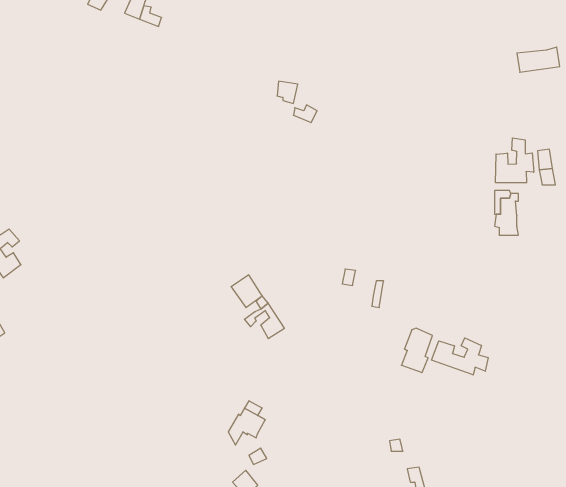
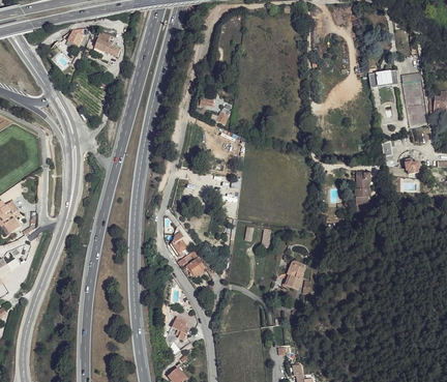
building: [496,138,534,183] -> none
building: [431,338,488,375] -> none

